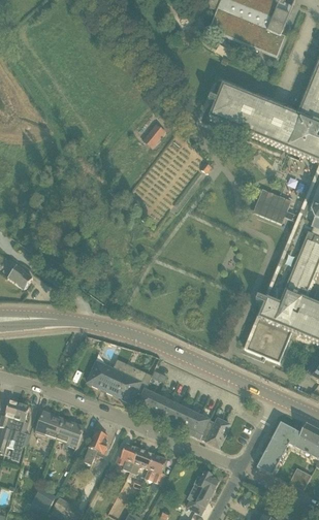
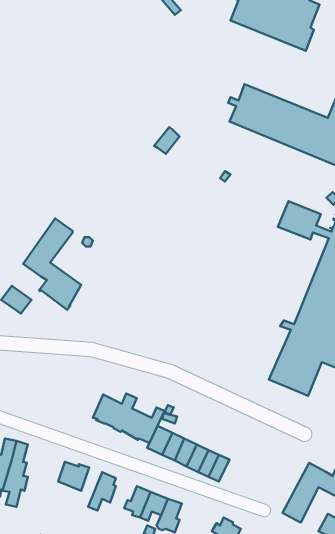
building: none -> [23,219,81,310]
building: [35,410,62,437] -> none
building: [199,417,229,447] -> none

